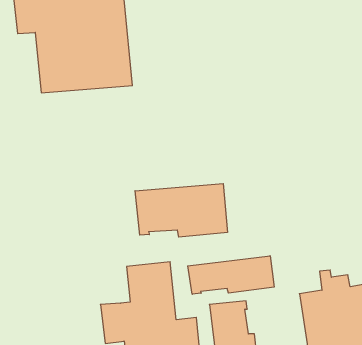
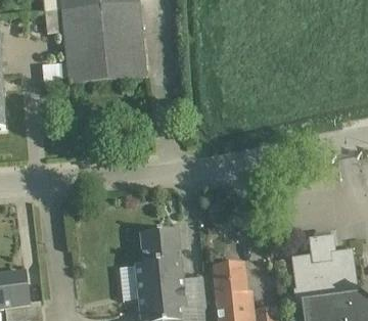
building: [135,184,227,237] -> none
building: [188,256,274,294] -> none

